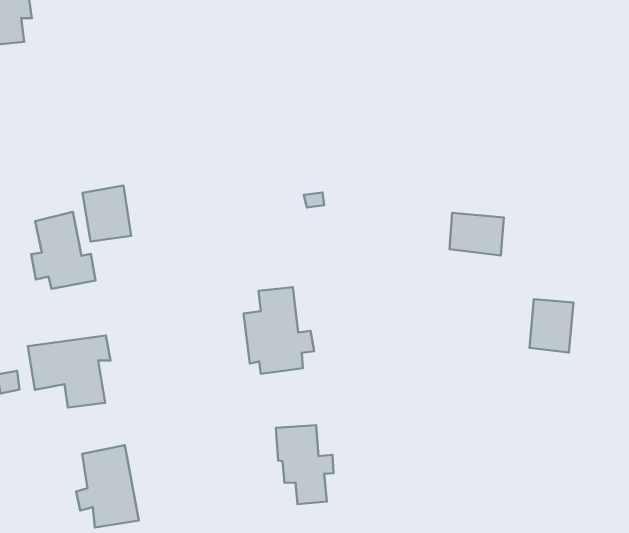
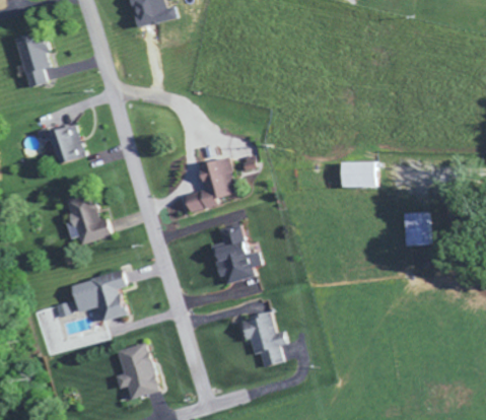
building: [83,186,131,242] -> [49,125,84,164]
building: none -> [187,158,236,213]

